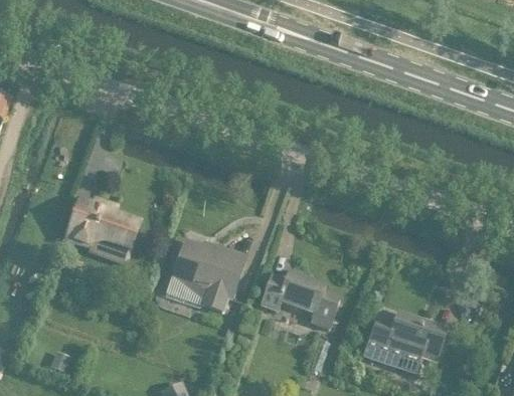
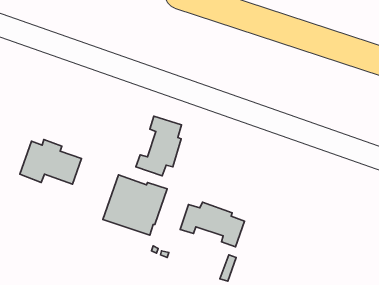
building: none -> [136,116,182,176]
building: [366,313,446,365] -> none

